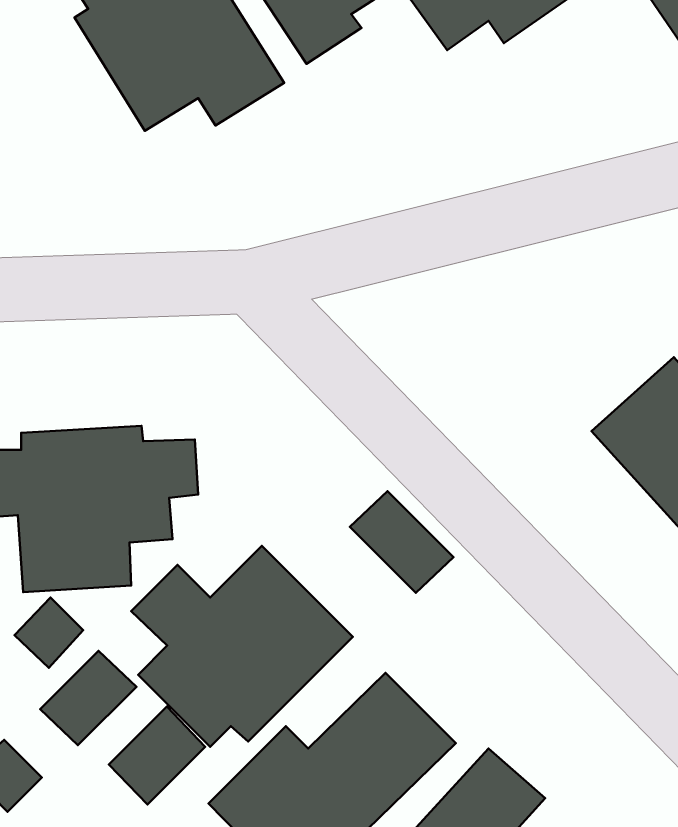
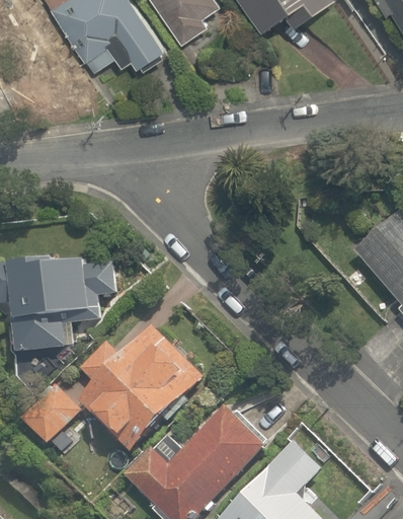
building: [350,491,453,593] -> none
building: [109,707,205,804] -> none

